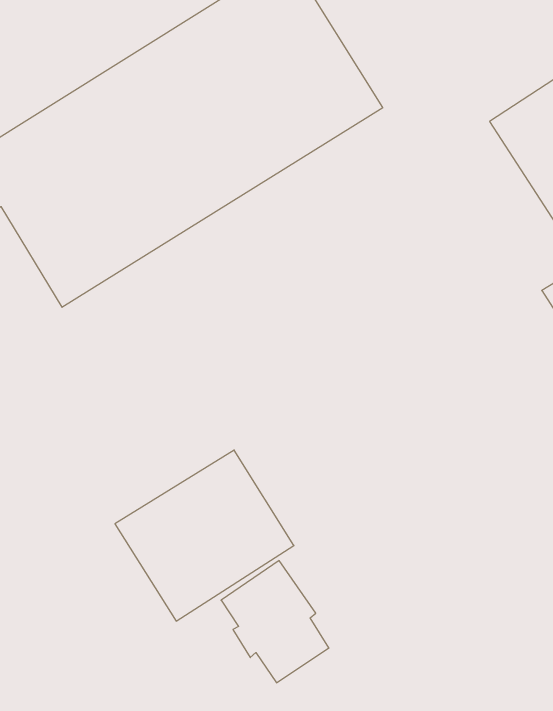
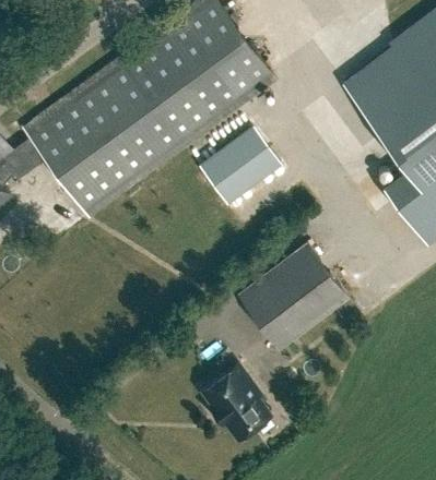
building: none -> [199,124,283,204]
building: [115,450,294,621] -> [236,241,347,349]

